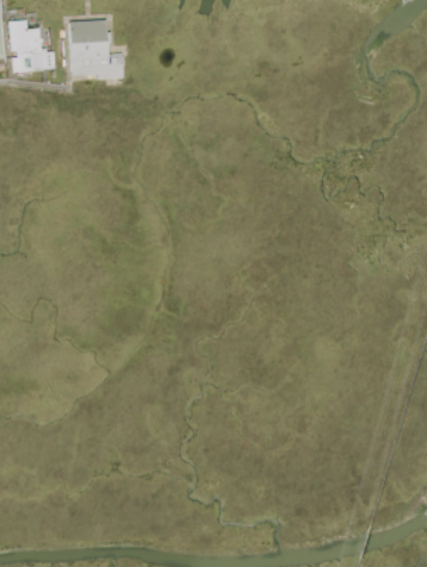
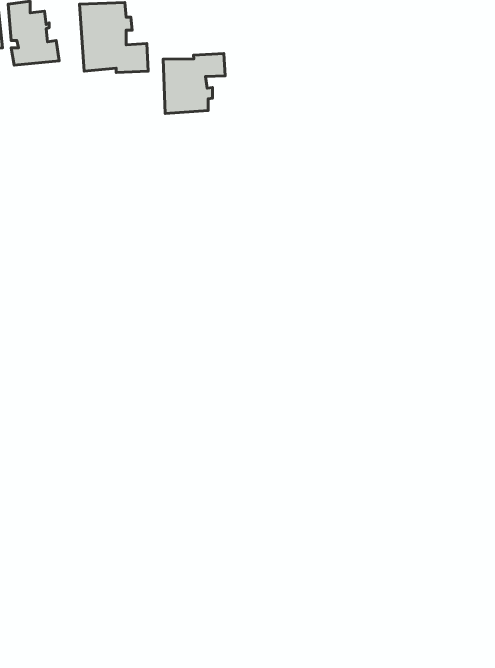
building: none -> [163,53,225,114]

